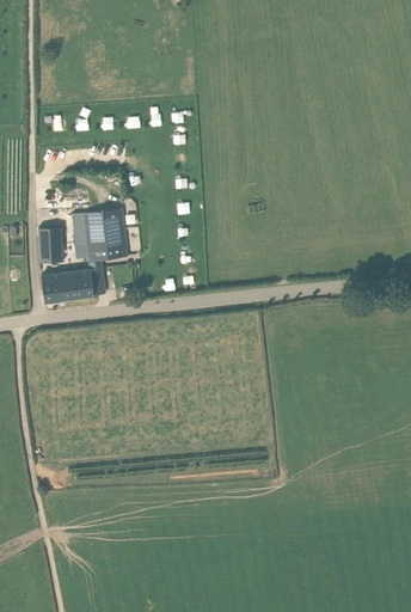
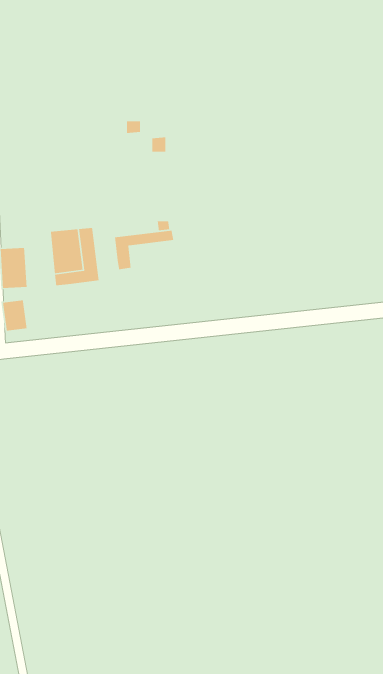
building: none -> [114,230,174,270]
building: [59,259,103,299] -> none

